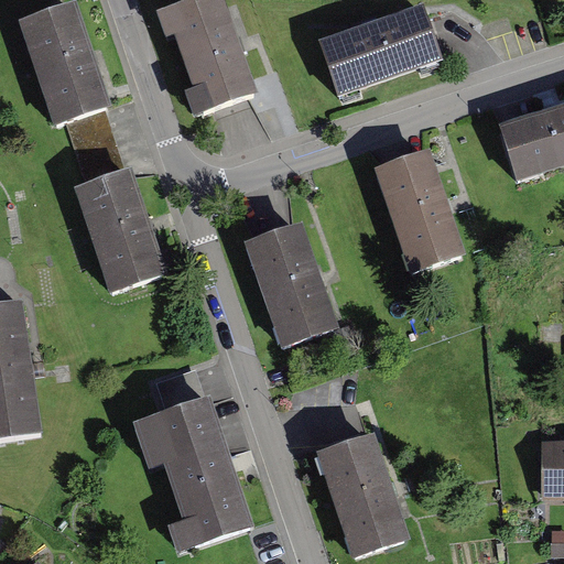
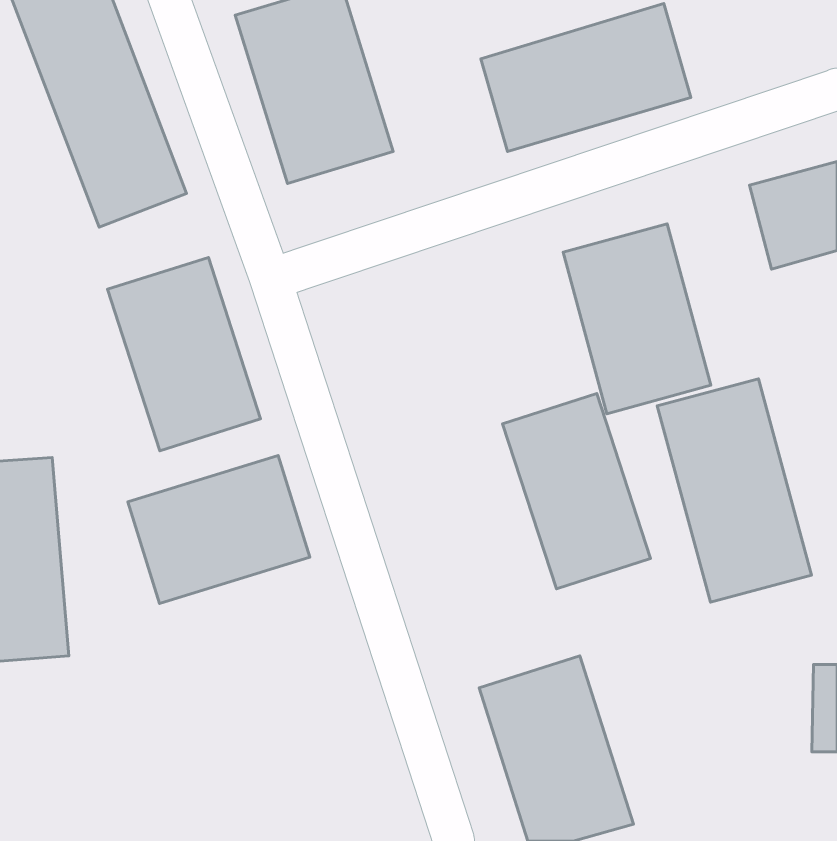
building: [240,215,337,343] -> [503,394,651,589]
building: none -> [657,379,812,602]
building: none -> [128,456,310,604]
building: [143,393,250,545] -> none

